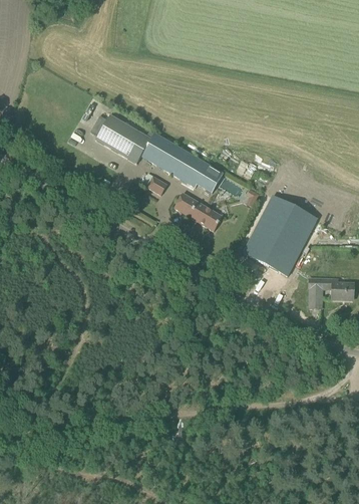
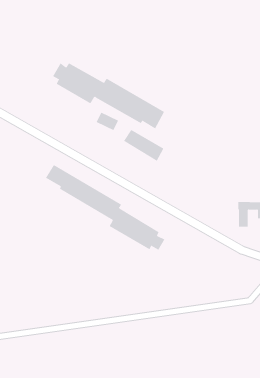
building: [243,196,317,276] -> none
building: none -> [45,164,165,251]

